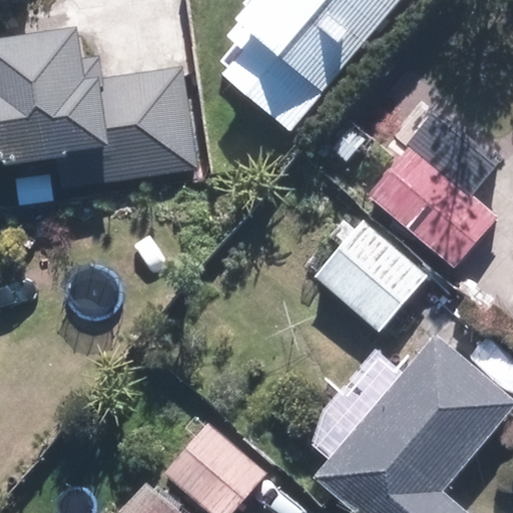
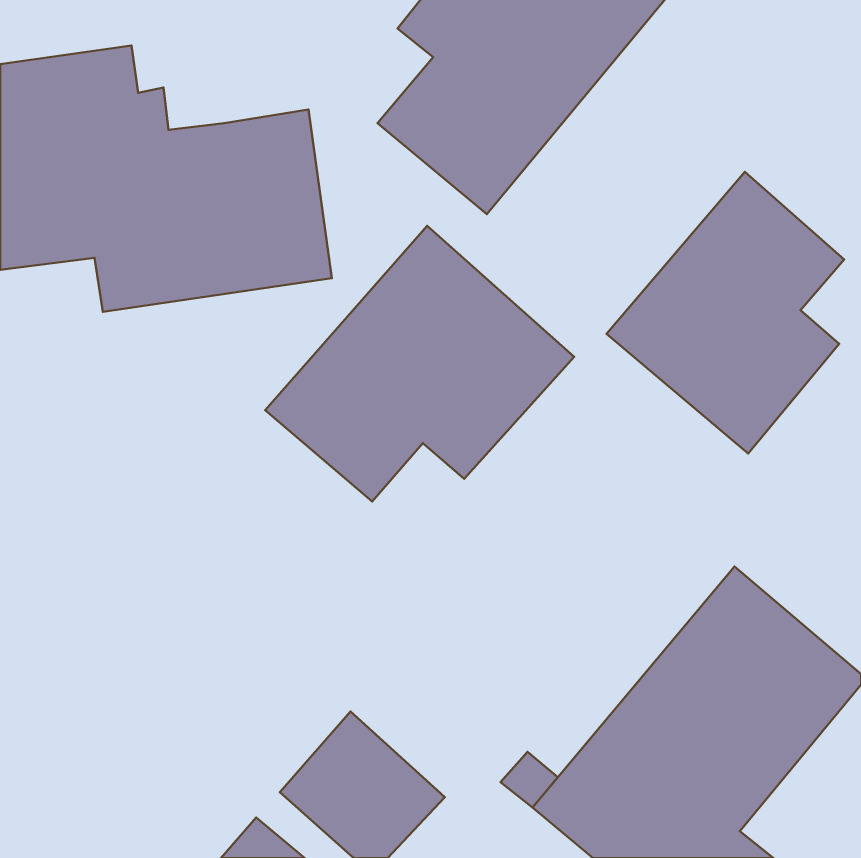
building: none -> [265,226,574,501]
building: [311,218,428,333] -> none

